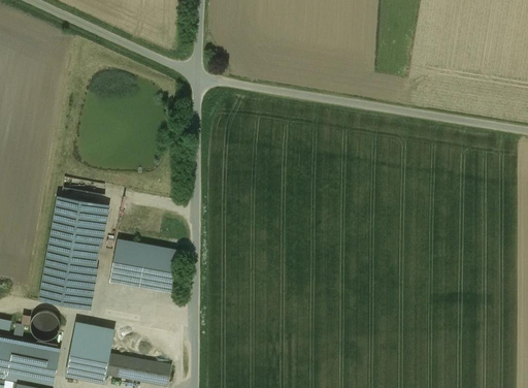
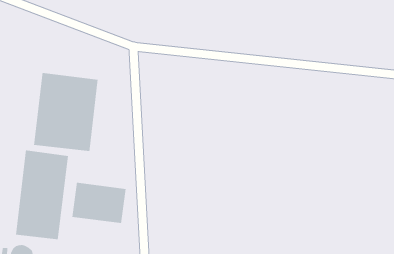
building: none -> [33,72,98,152]

